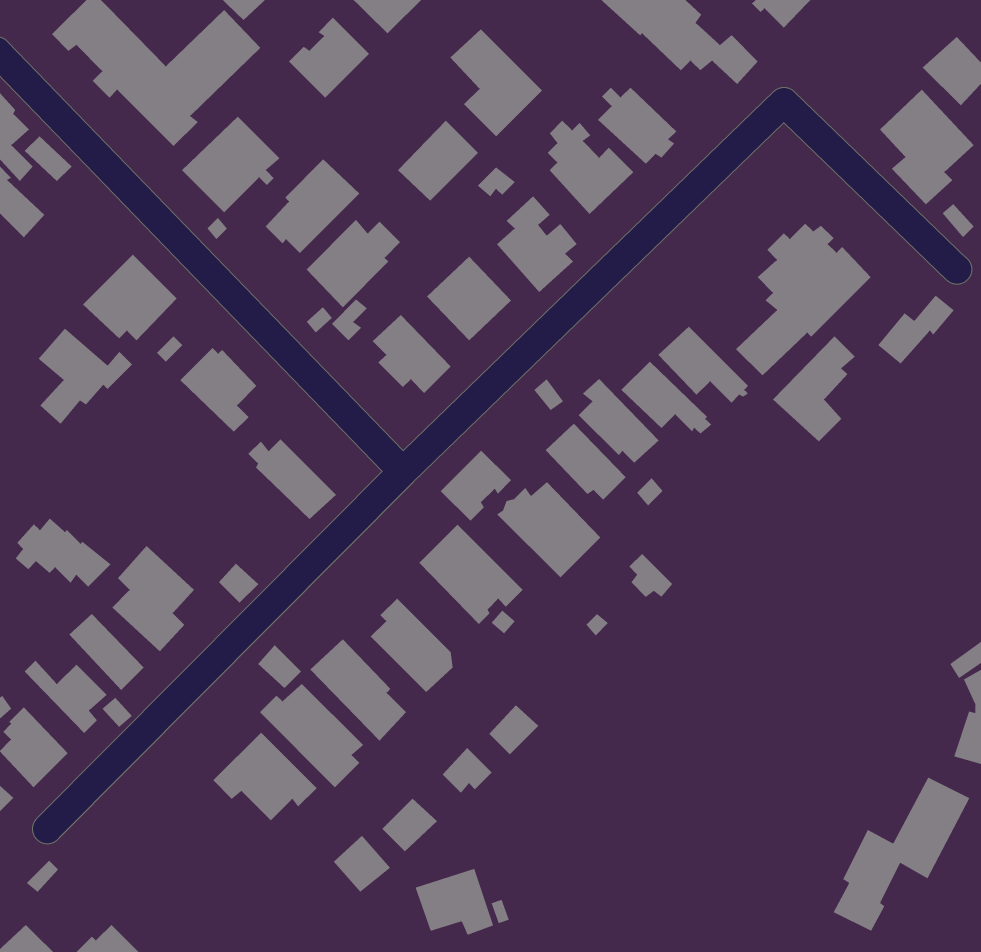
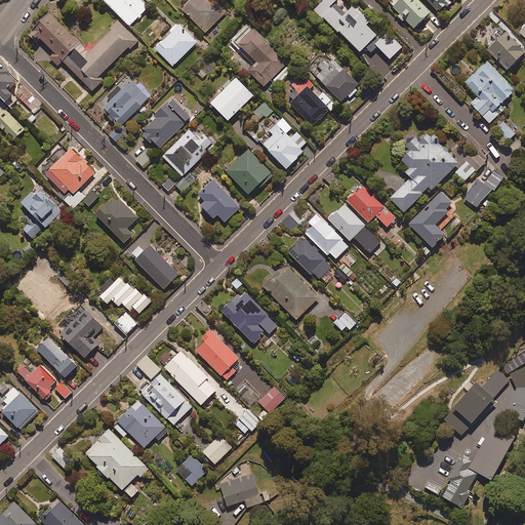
building: [440,450,512,522] -> none
building: [14,518,112,588] -> [99,276,151,313]
building: none -> [442,367,509,432]
building: none -> [84,429,150,497]

